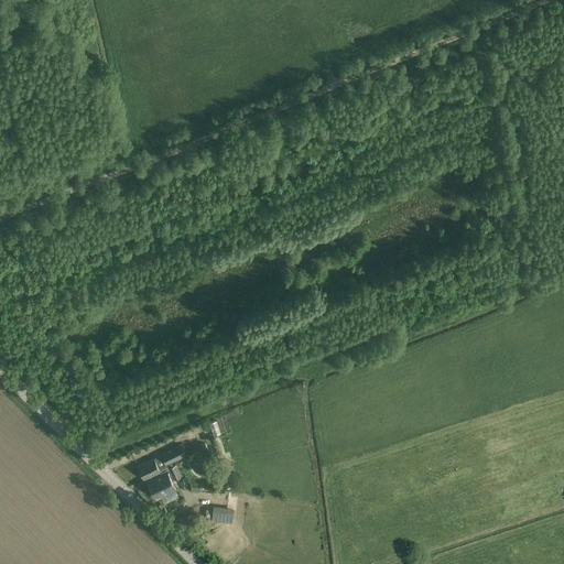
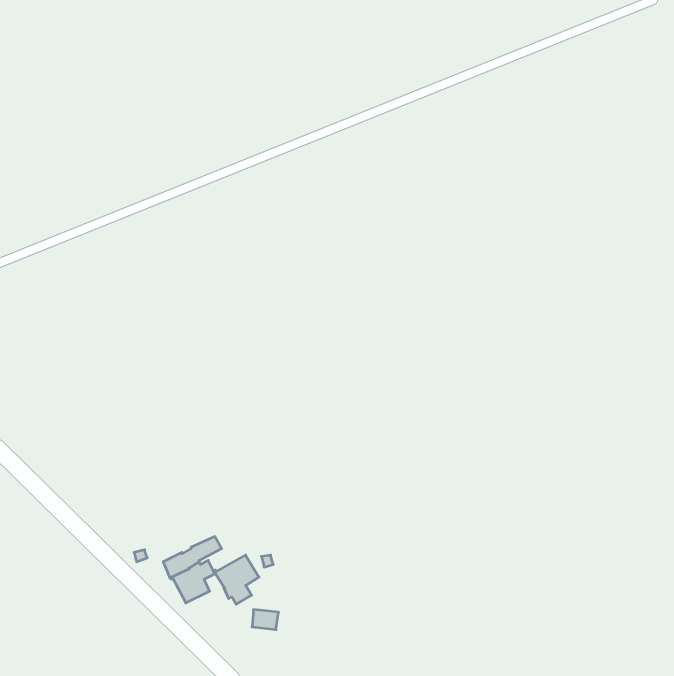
building: none -> [213,555,259,604]

